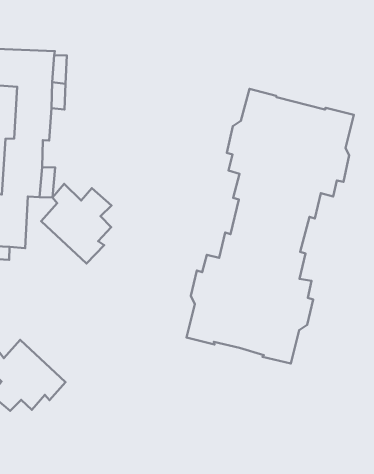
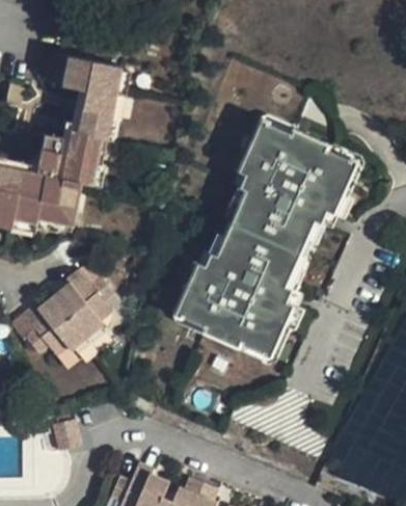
building: [41,184,111,263] -> [50,270,109,338]

